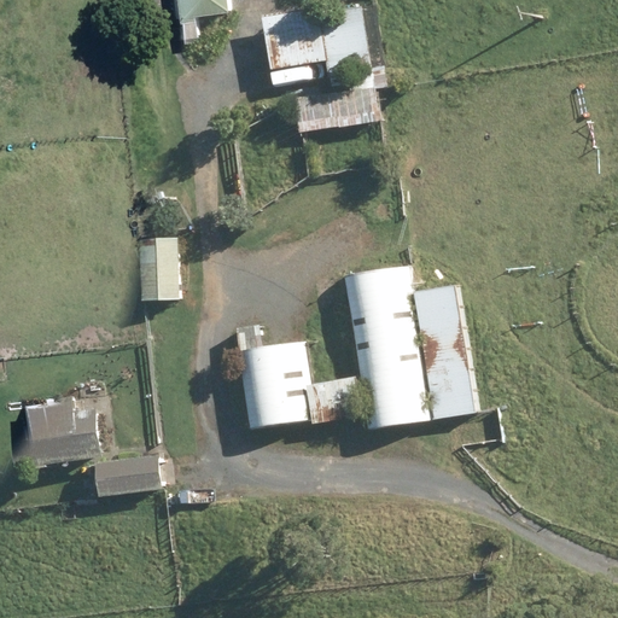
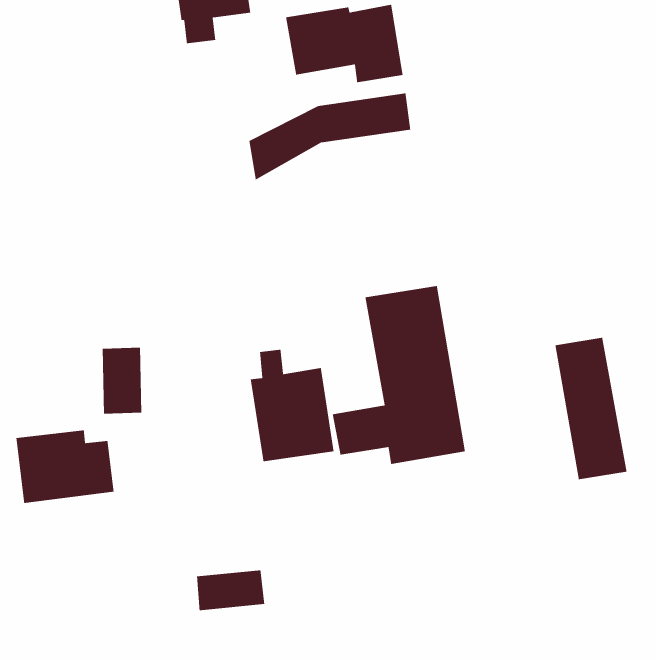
building: [144,237,181,299] -> [102,347,142,414]
building: [413,284,480,416] -> [555,337,628,480]
building: [99,456,163,495] -> [196,569,265,611]

